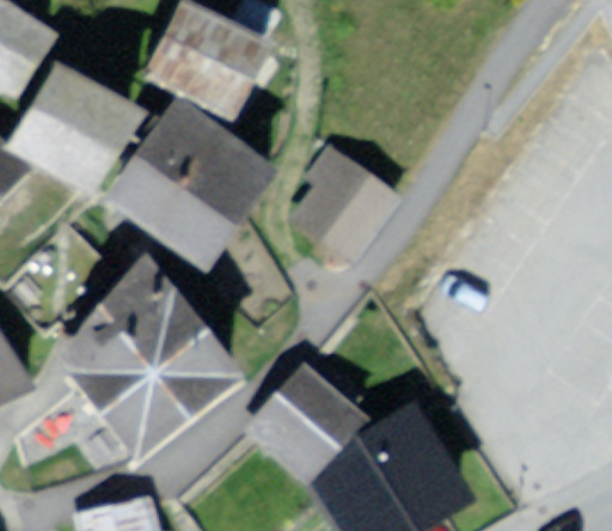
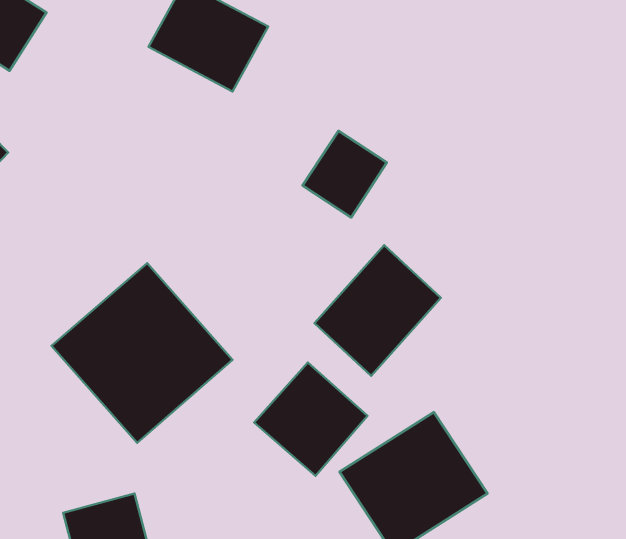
building: [20,65,137,183] -> none
building: [114,103,264,250] -> none
building: none -> [314,245,441,376]

